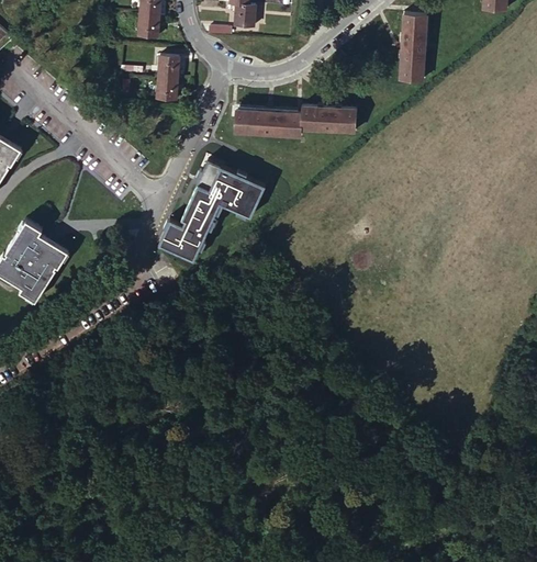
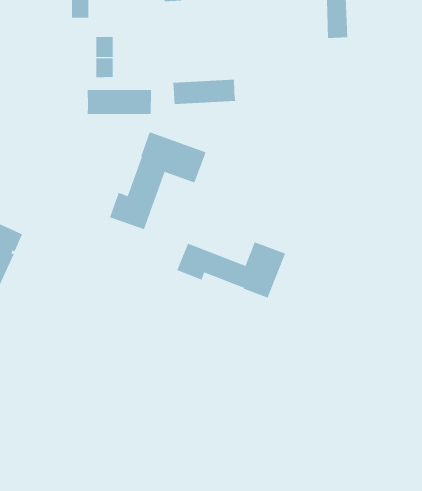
building: [300,108,357,133] -> none
building: none -> [87,89,151,115]
building: none -> [176,241,286,299]

